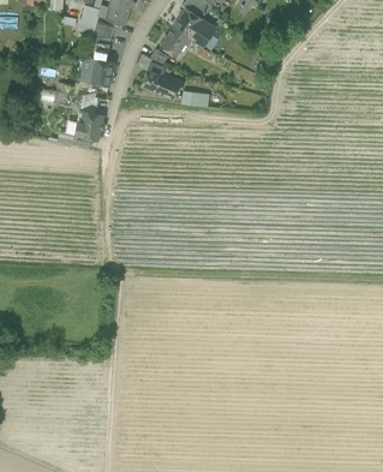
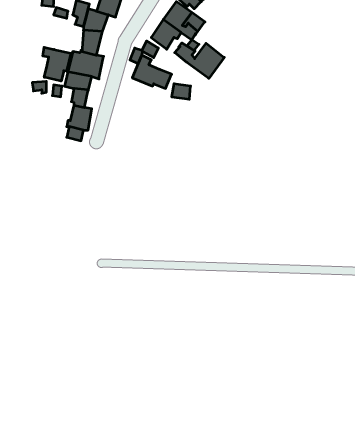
building: none -> [175,43,224,78]
building: none -> [43,47,71,81]

